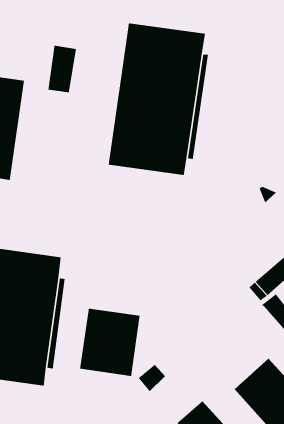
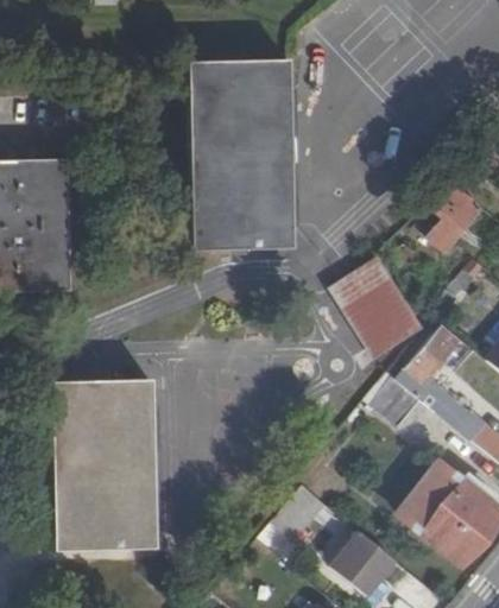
building: [48,45,76,93] -> none
building: none -> [331,259,421,356]
building: none -> [371,376,421,426]
building: [79,308,140,377] -> none

